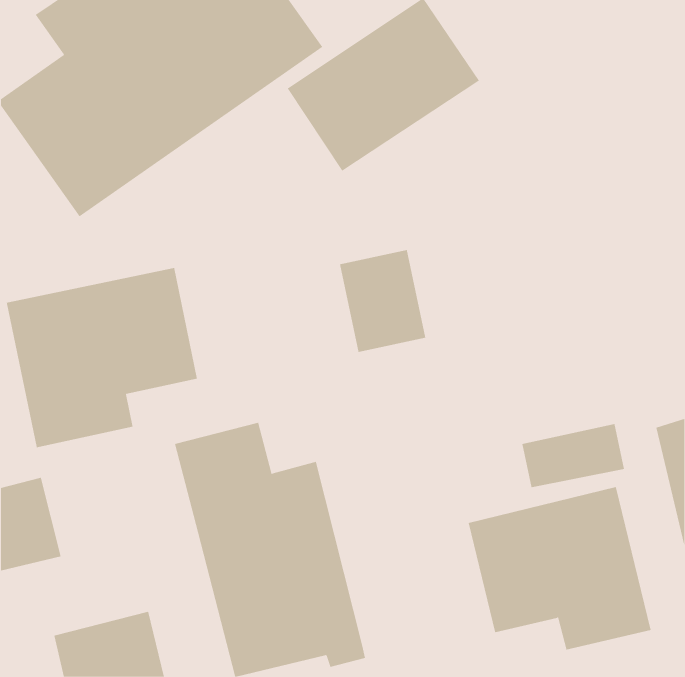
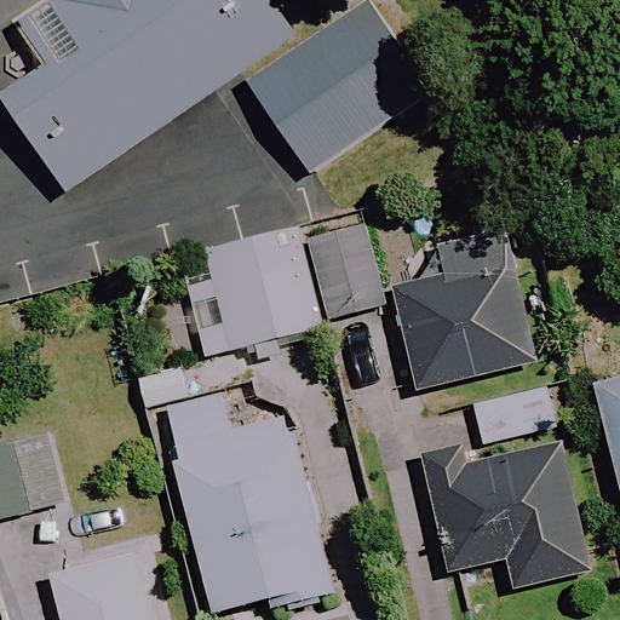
building: none -> [391,220,539,389]
building: none -> [209,236,316,348]
building: [6,267,198,448] -> none

